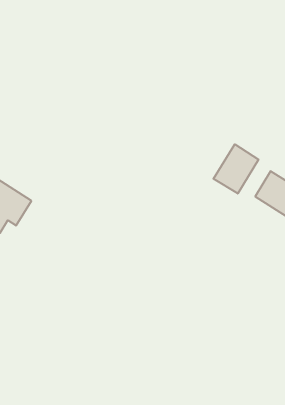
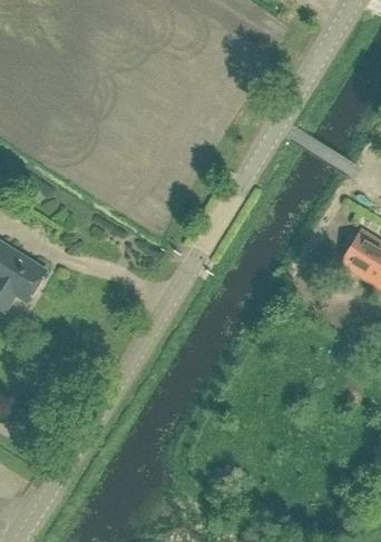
building: [213,144,258,194] -> none

